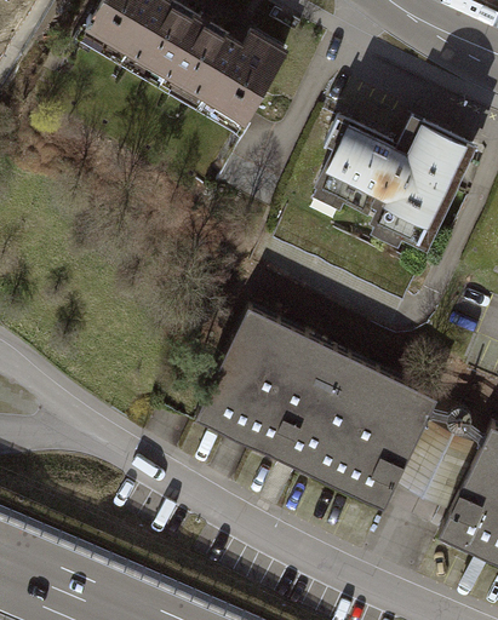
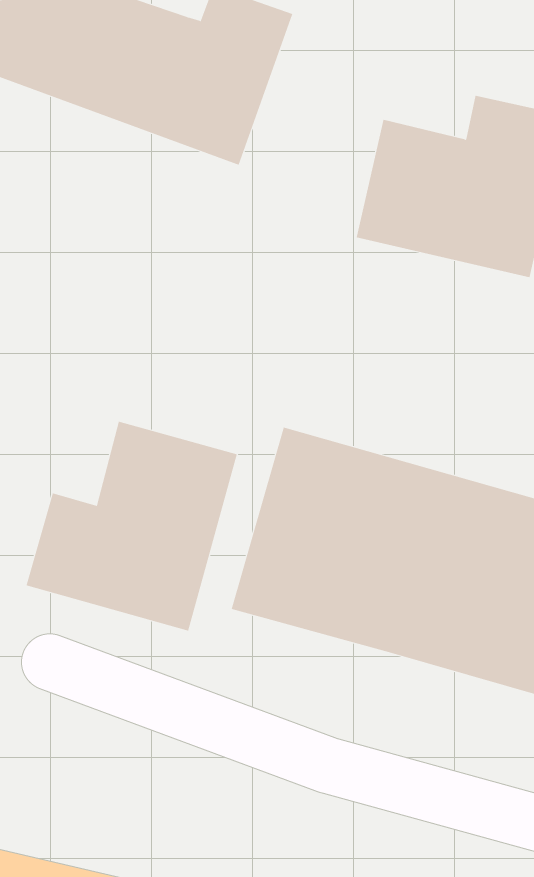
building: none -> [26,421,237,631]

